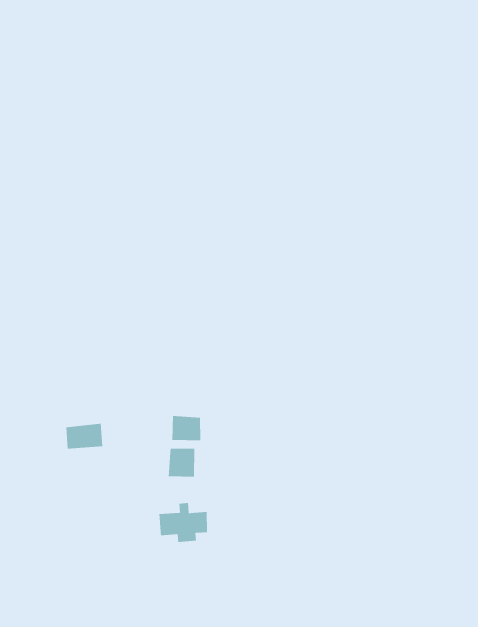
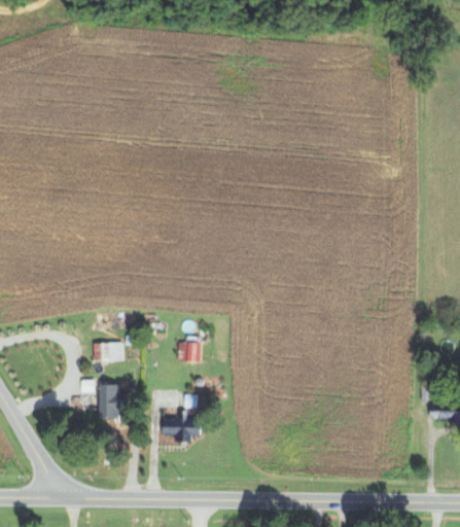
building: [168,448,195,477] -> none
building: none -> [99,385,127,417]

